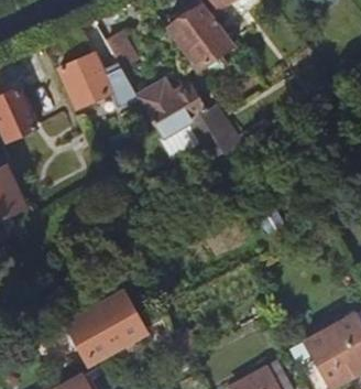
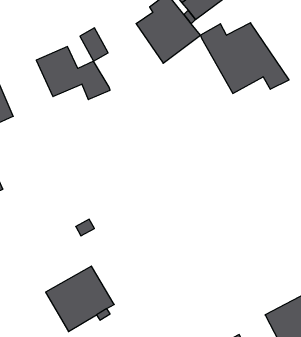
building: [139,84,232,159] -> [201,23,289,93]

